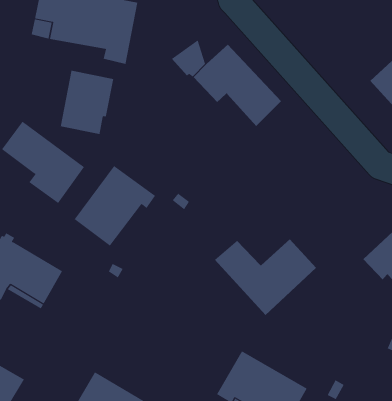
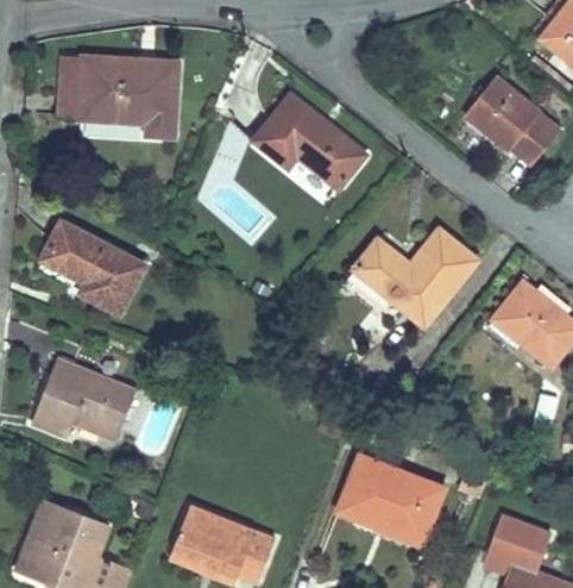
building: [60,70,114,135] -> none
building: [74,165,156,247] -> none
building: [214,239,317,316] -> [354,230,477,325]

